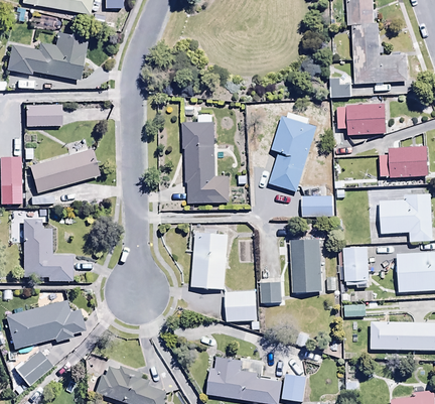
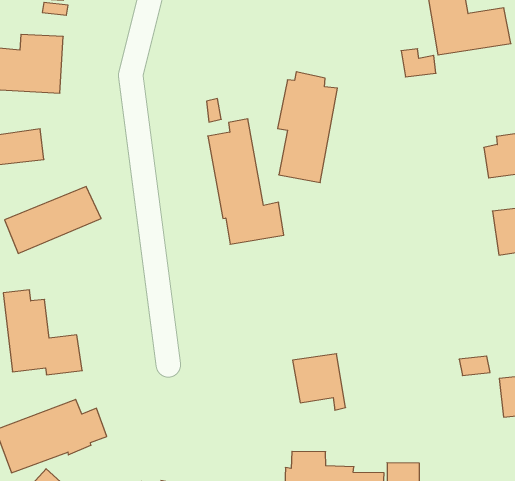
building: [337,103,387,135] -> none
building: [268,111,317,192] -> [278,72,337,183]
building: [301,195,334,217] -> none
building: [191,233,228,288] -> none
building: [291,239,322,292] -> none
building: [343,247,370,288] -> none
building: [261,282,282,302] -> none

